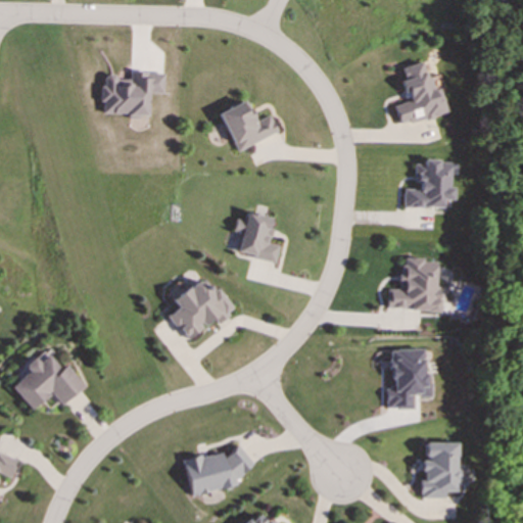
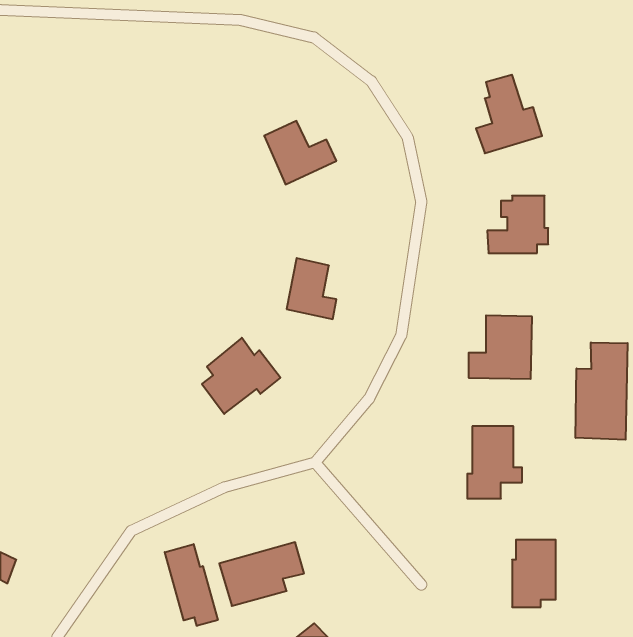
building: [102,72,164,115] -> none
building: none -> [576,342,628,440]
building: [12,354,85,410] -> none
building: none -> [165,544,218,626]

